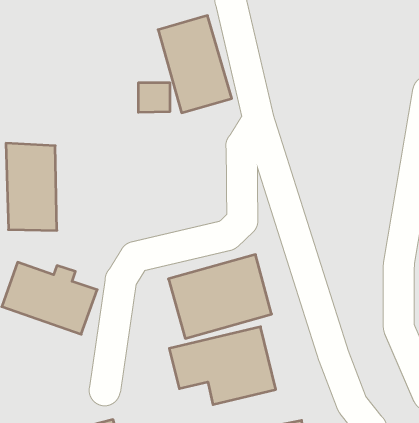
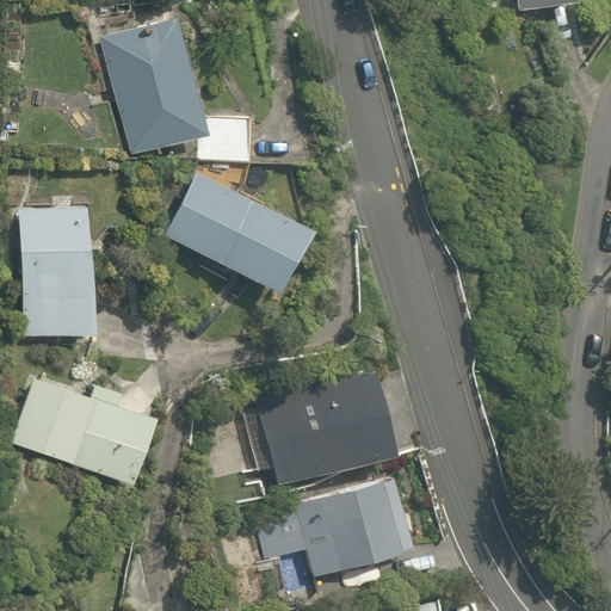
building: [158,16,232,113] -> [101,16,206,154]
building: none -> [166,174,304,294]

